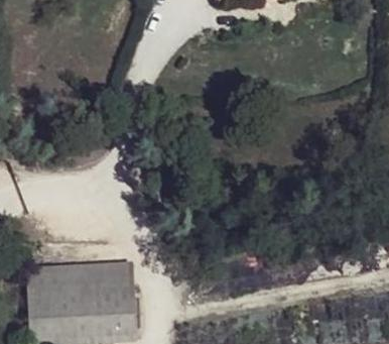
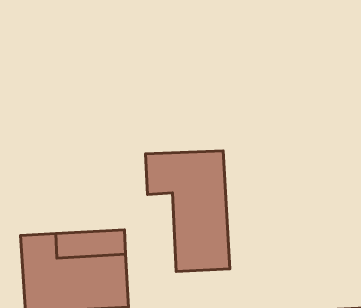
building: none -> [146,151,230,272]

